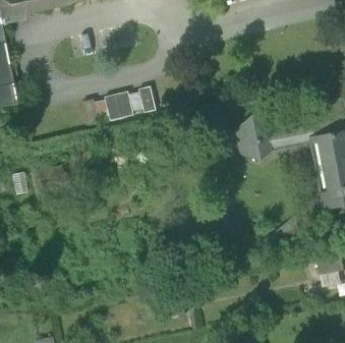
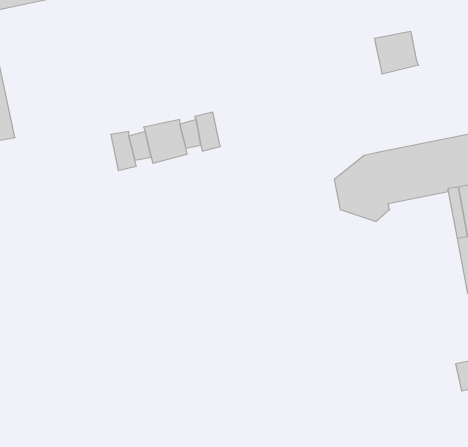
building: none -> [375,31,419,74]

